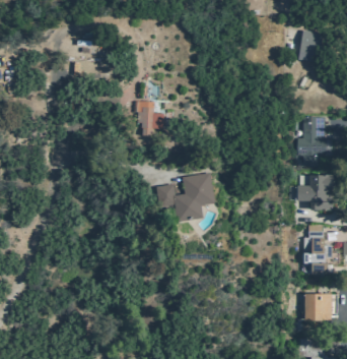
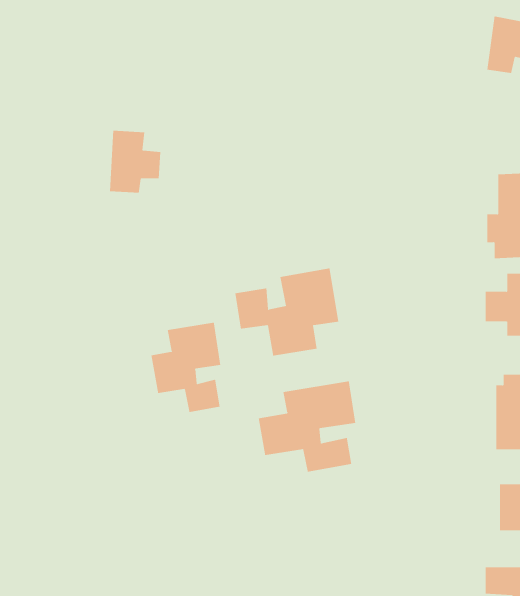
building: [133,101,162,136] -> [109,130,161,193]
building: none -> [151,322,221,413]
building: none -> [258,380,356,472]

